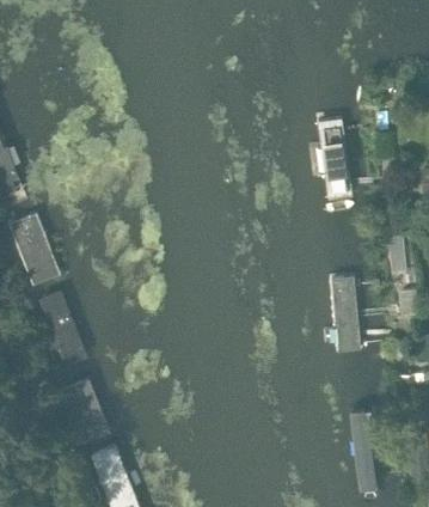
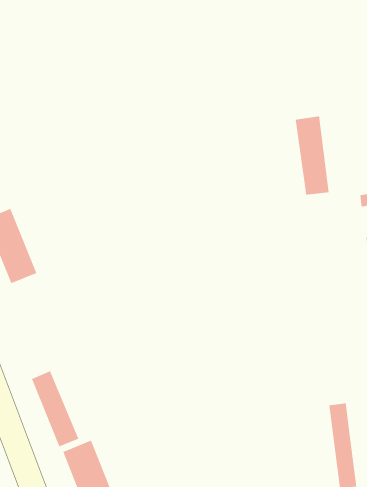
building: [330,275,362,352] -> none
building: [38,288,87,364] -> none

